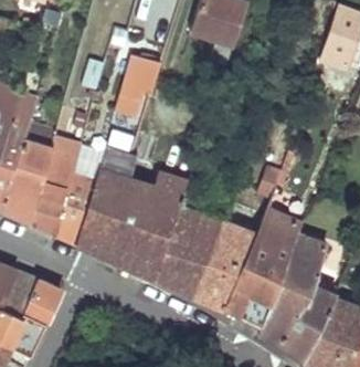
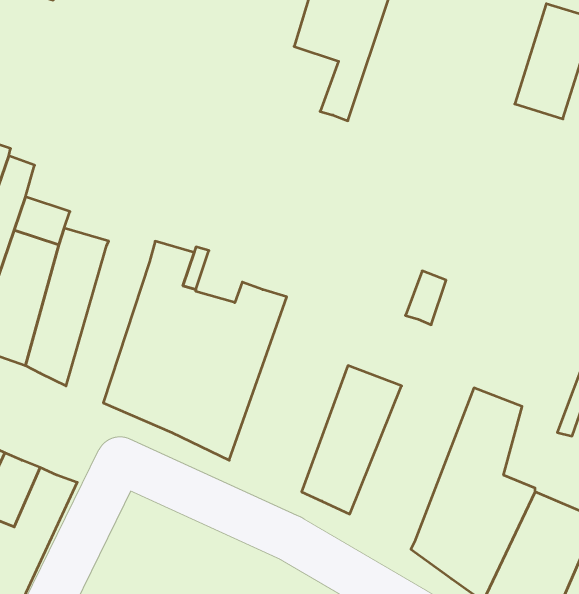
building: [119,52,160,99] -> none
building: [53,149,103,243] -> none
building: [150,180,221,296] -> none
building: [222,208,300,326] -> none

